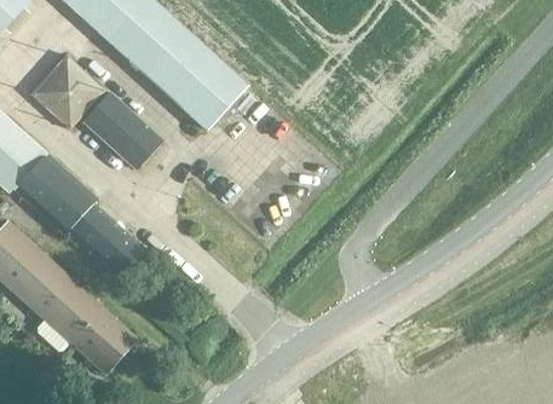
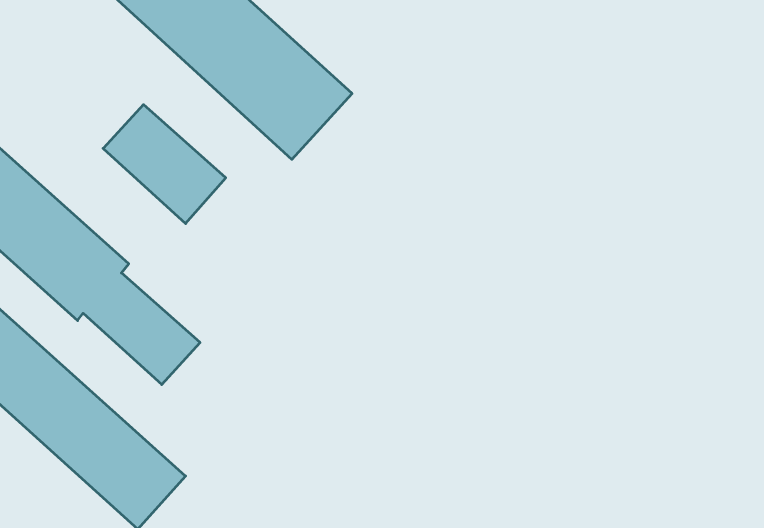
building: [28,53,103,128] -> none

